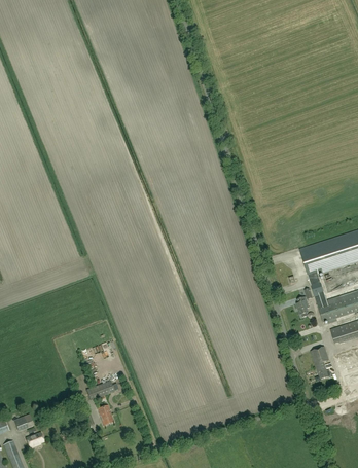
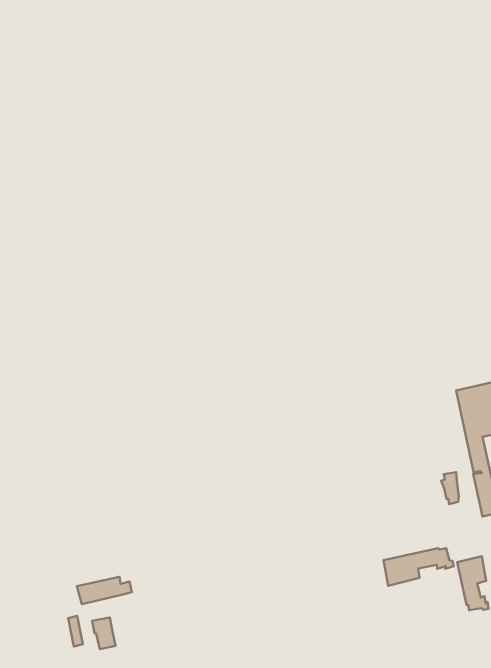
building: none -> [383,548,454,586]

